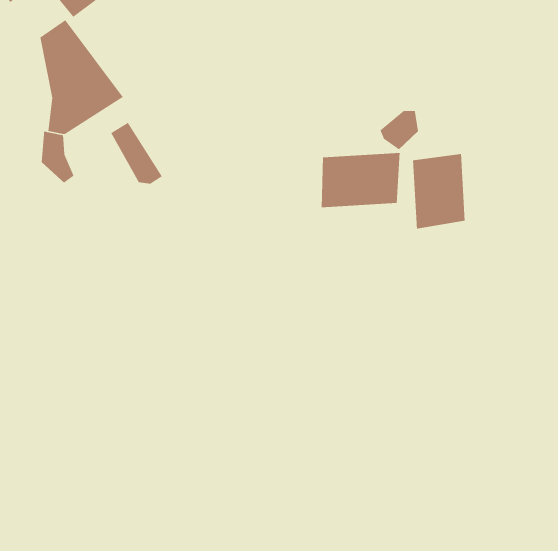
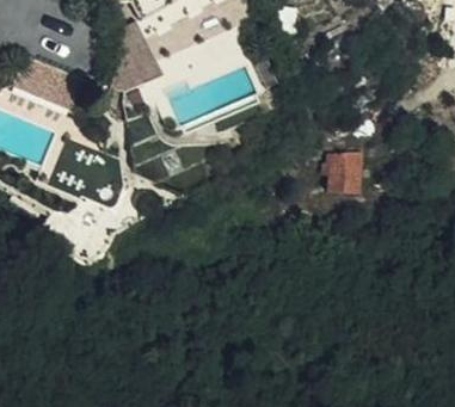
building: [321,152,401,208] -> none

